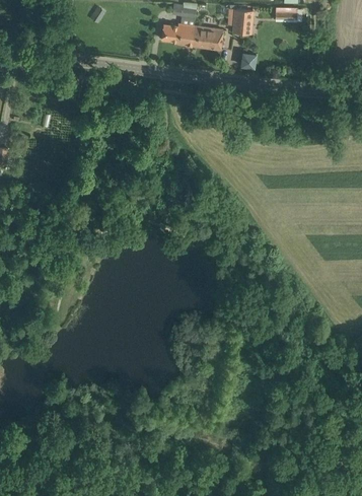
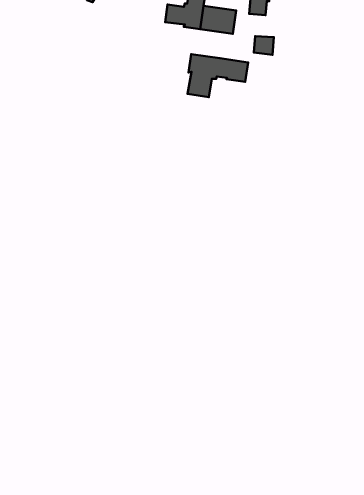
building: none -> [188,54,248,97]

